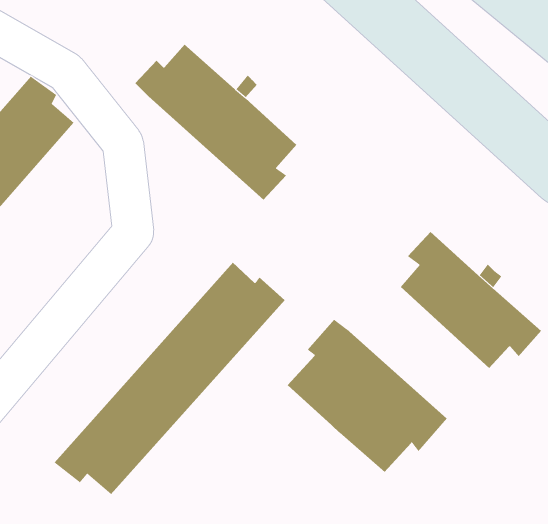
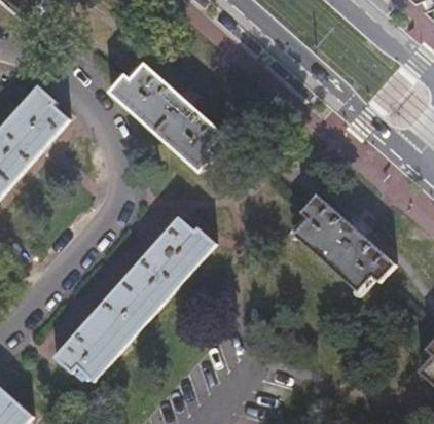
building: [287,319,447,473] -> none

